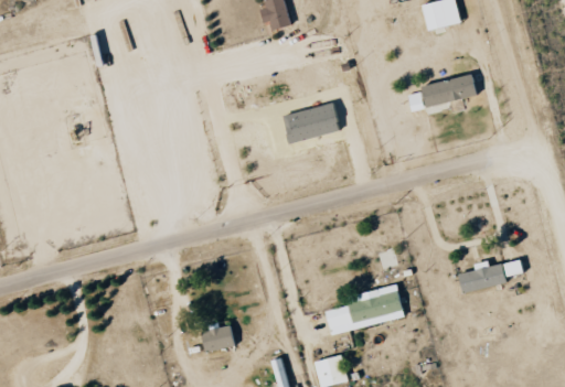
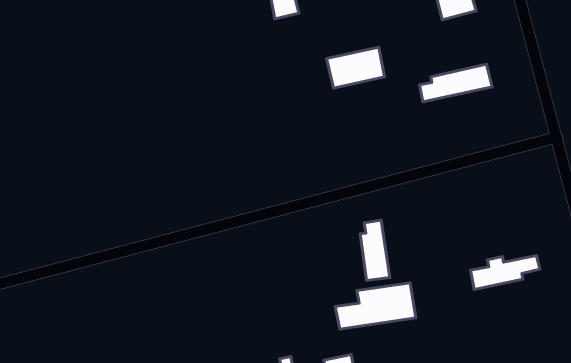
building: [284,103,340,142] -> [327,47,385,88]
building: none -> [360,220,390,280]
building: [202,325,236,352] -> none

